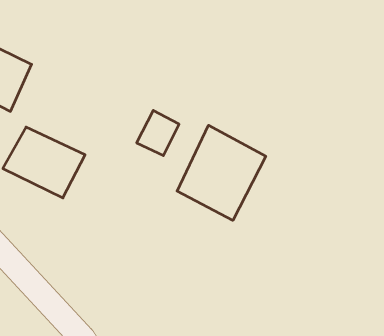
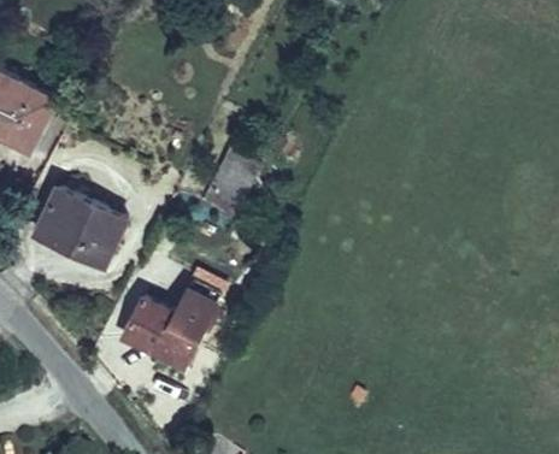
building: [177,125,266,220] -> none
building: none -> [118,284,219,375]

